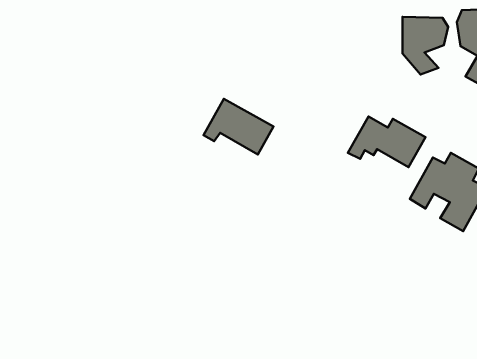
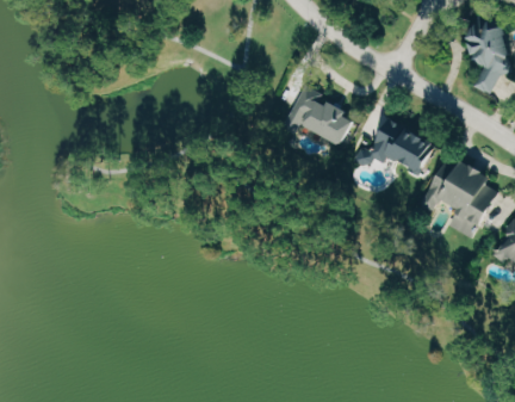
building: [403,17,448,74] -> none
building: [203,99,274,154] -> [283,87,352,142]

